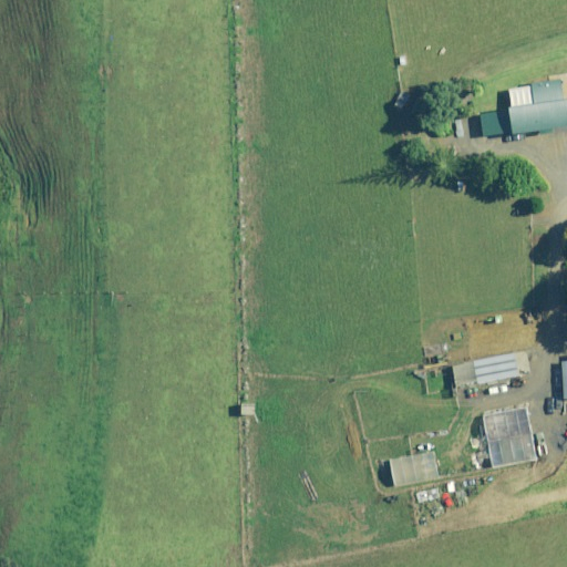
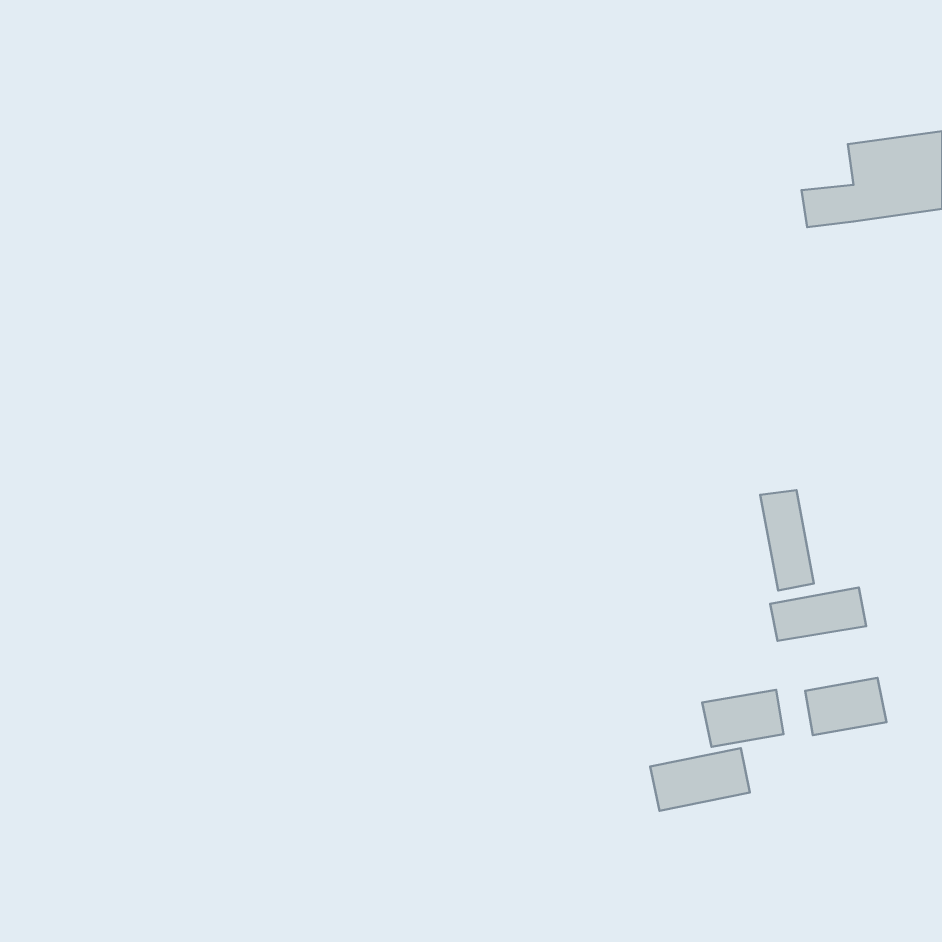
building: none -> [760,490,814,591]
building: [487,433,536,467] -> [702,690,784,747]

